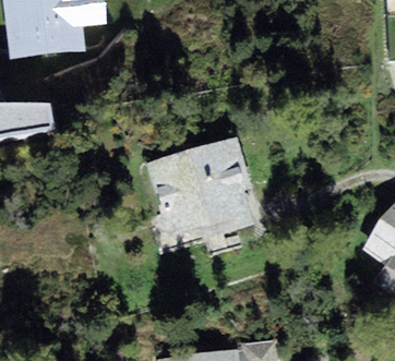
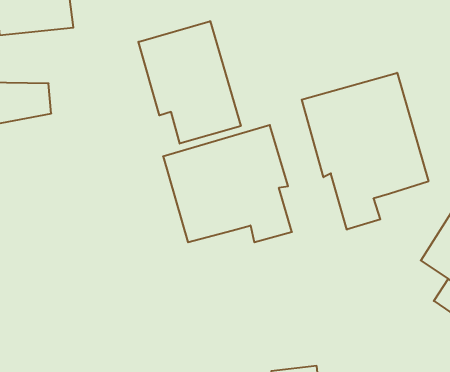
building: none -> [138,21,241,144]
building: none -> [302,73,428,230]

